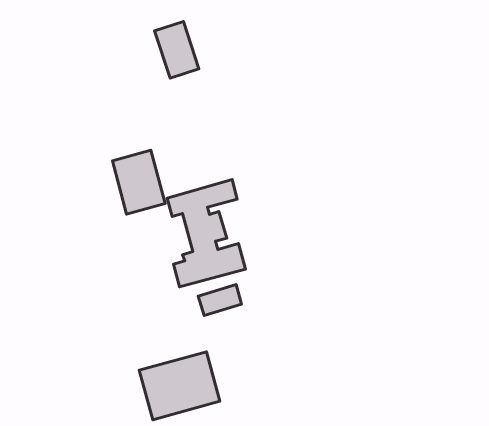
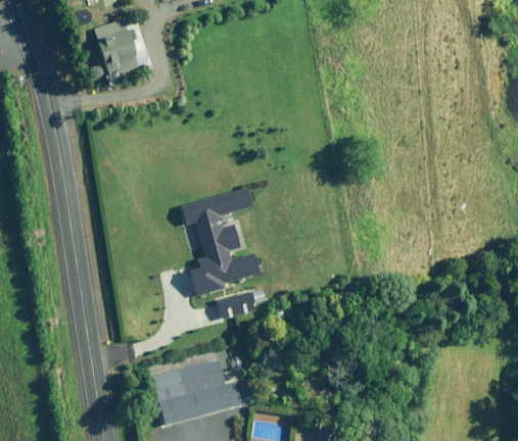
building: [155,21,199,78] -> [95,18,139,75]
building: [112,150,165,214] -> none

